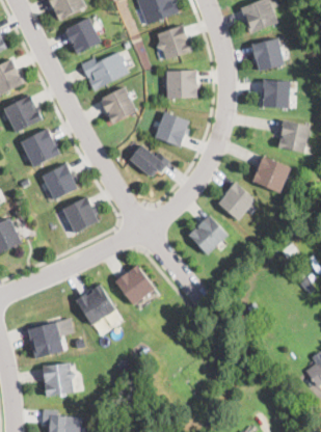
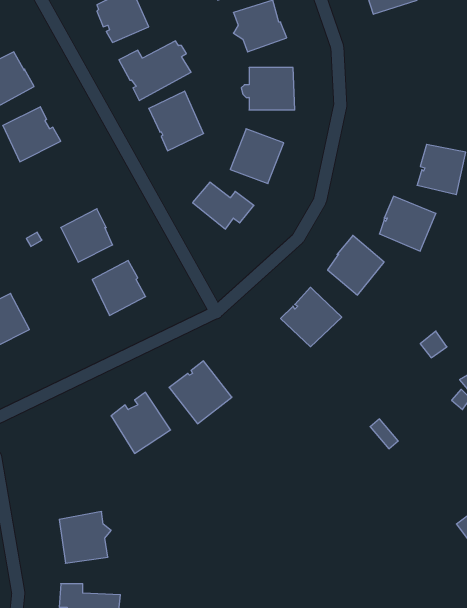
building: [250,37,284,71] -> none
building: [262,78,290,109] -> none
building: [20,128,58,166] -> none
building: [26,324,62,360] -> none

